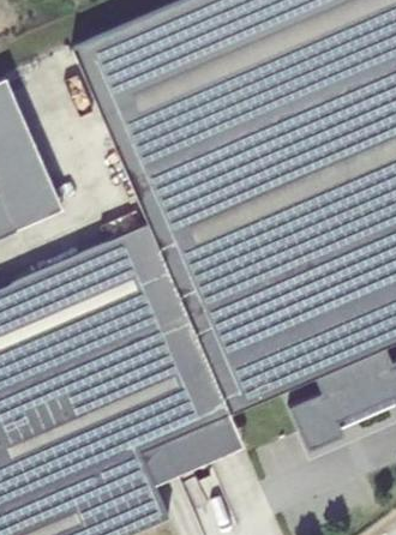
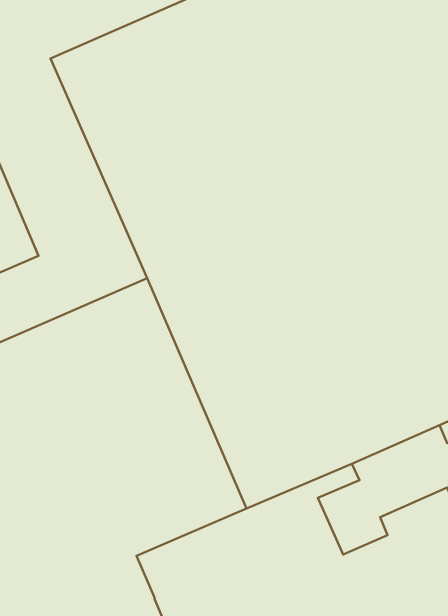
building: [139,411,241,483] -> none

